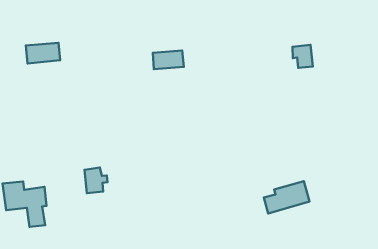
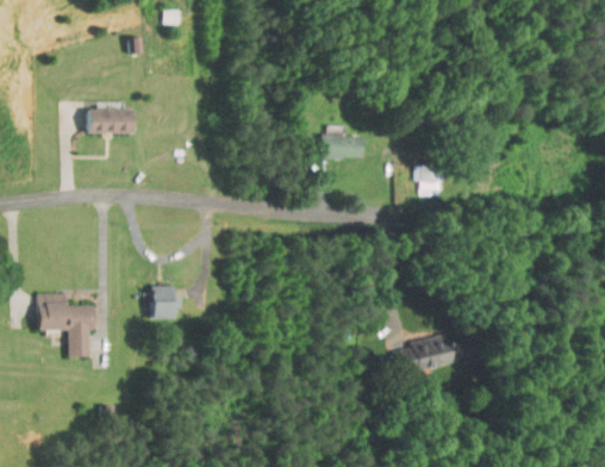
building: [293,45,313,68] -> [414,164,441,194]
building: [153,51,184,69] -> [320,133,362,157]

